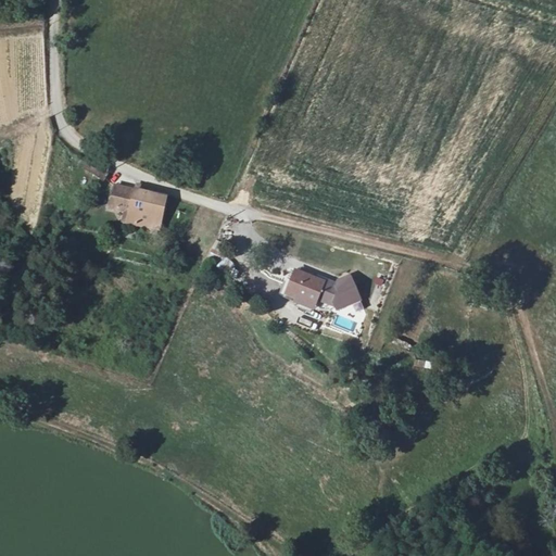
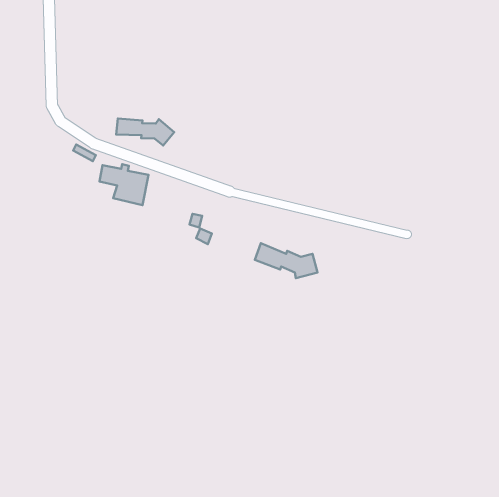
building: none -> [116,119,174,145]

